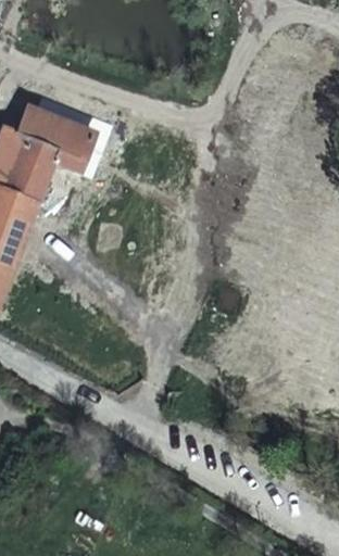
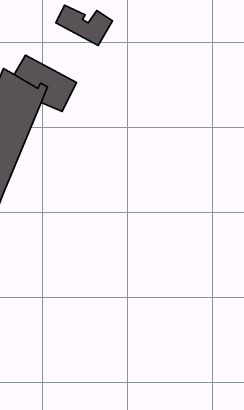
building: none -> [56,5,113,45]

